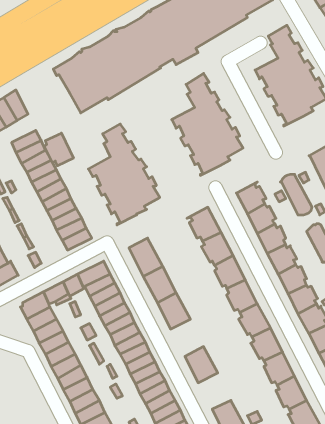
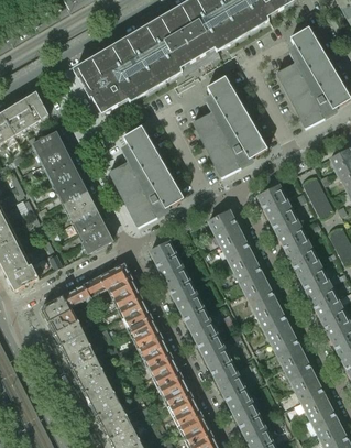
building: [44,133,73,166] -> none
building: none -> [191,321,224,359]
building: none -> [219,375,252,412]

